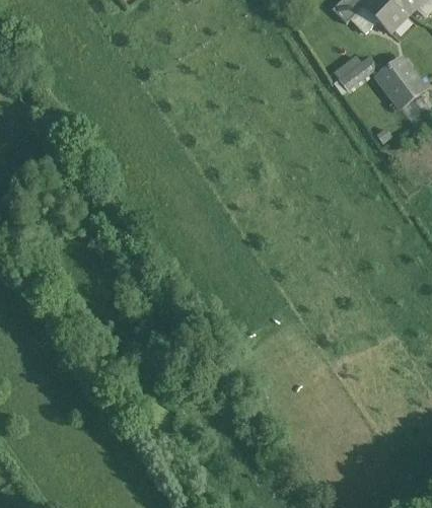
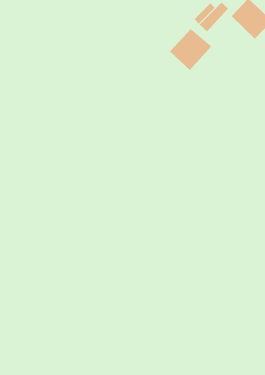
building: none -> [169,28,212,71]

